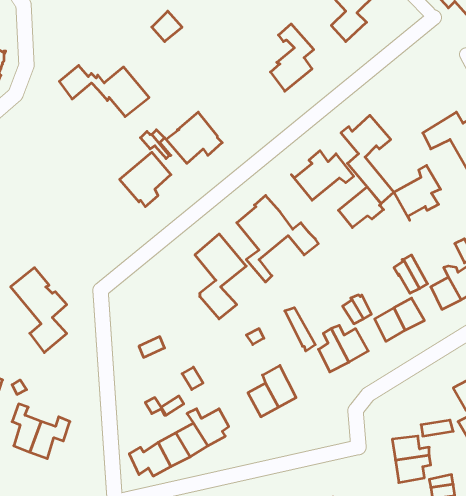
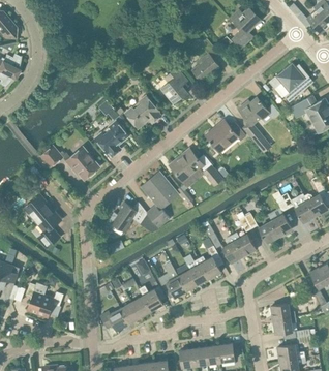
building: none -> [269,62,310,102]
building: [59,65,149,117] -> [41,146,99,179]
building: none -> [161,67,188,103]
building: [394,165,441,220] -> none
building: [338,187,384,228] -> none
building: none -> [104,202,147,235]
building: none -> [199,246,223,279]
building: none -> [158,261,186,299]

